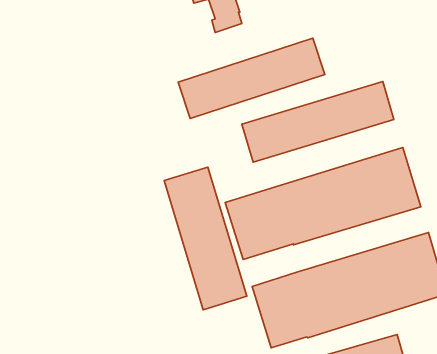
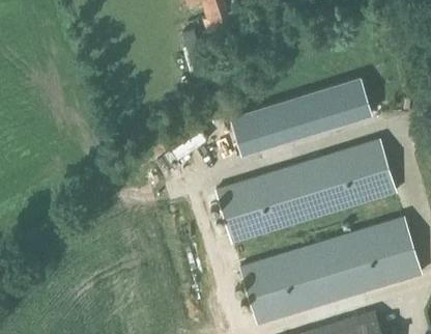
building: [178,38,325,118] -> none
building: [164,167,247,310] -> none

